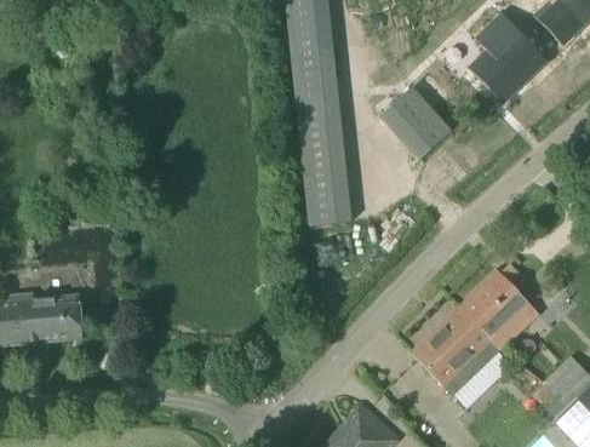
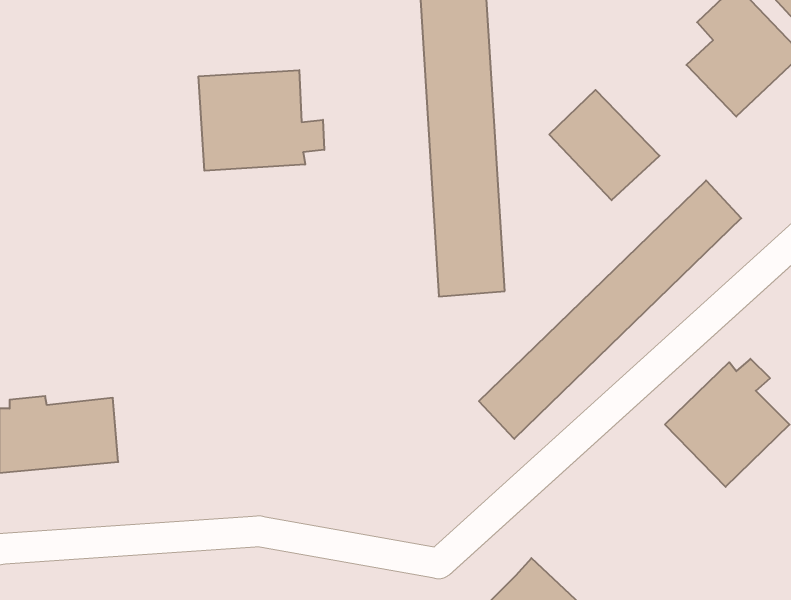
building: none -> [199,70,324,171]
building: none -> [479,180,741,439]
building: [412,313,496,395] -> none

